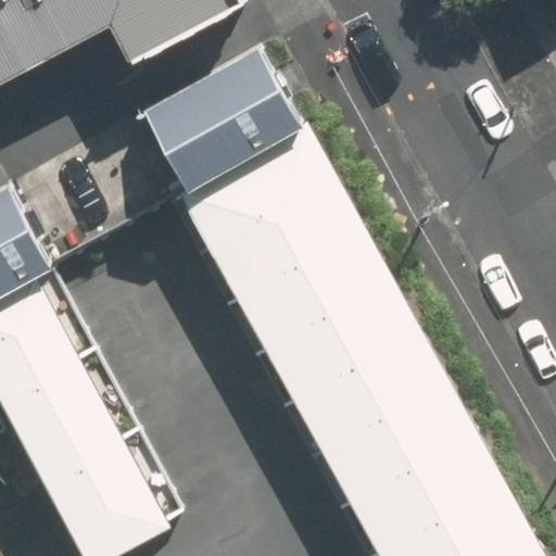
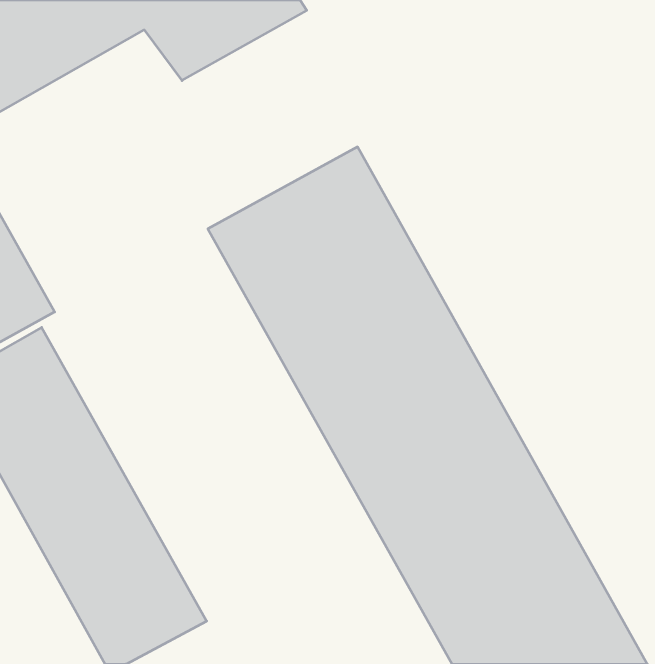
building: [138,37,300,180] -> none

